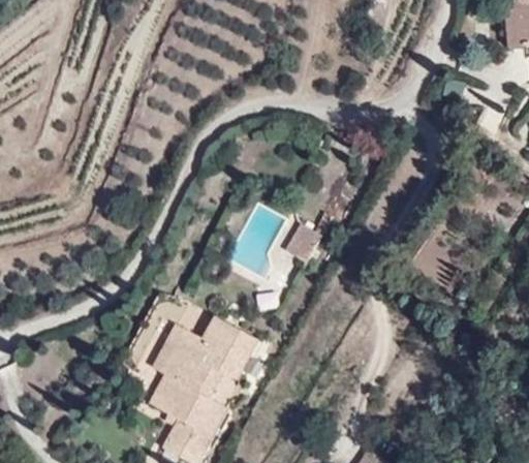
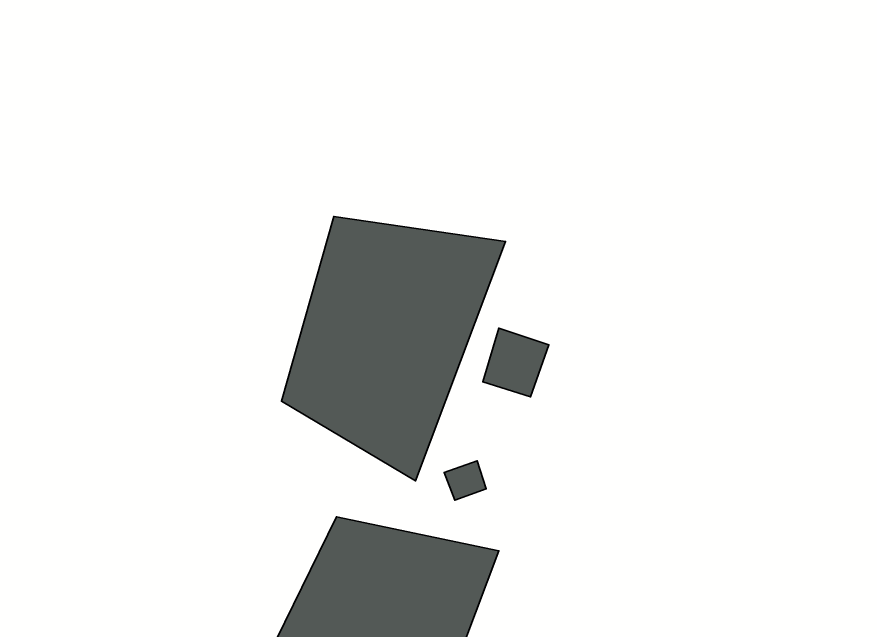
building: none -> [282,217,505,481]

